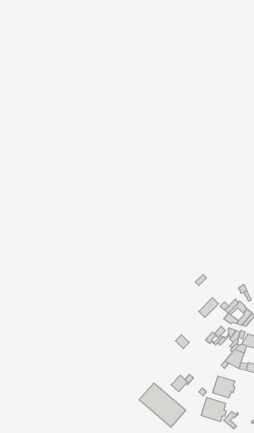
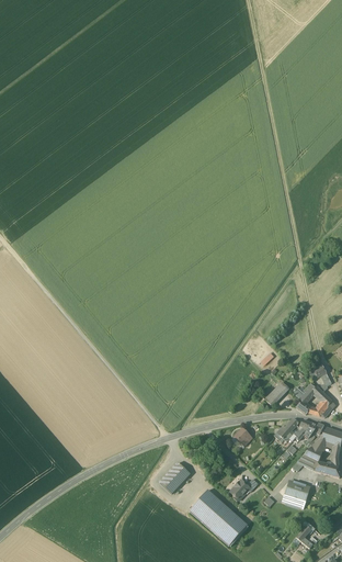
building: none -> [159,462,190,493]
building: [201,397,226,422] -> none

